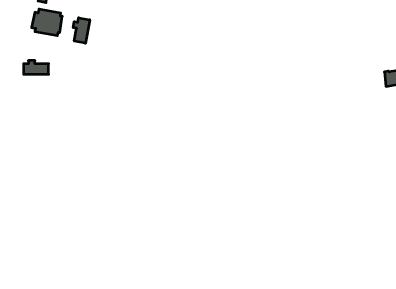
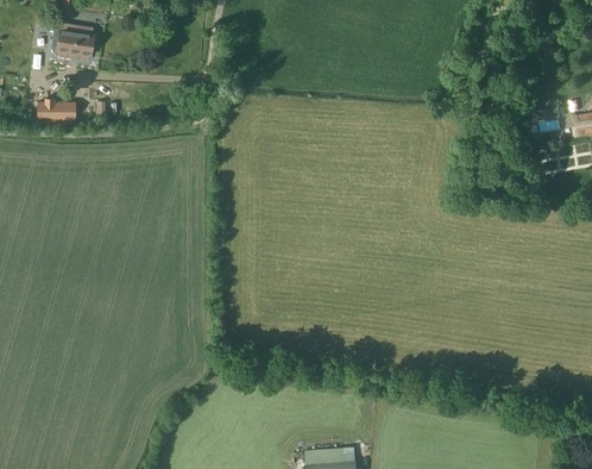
building: [73,18,90,43] -> none

